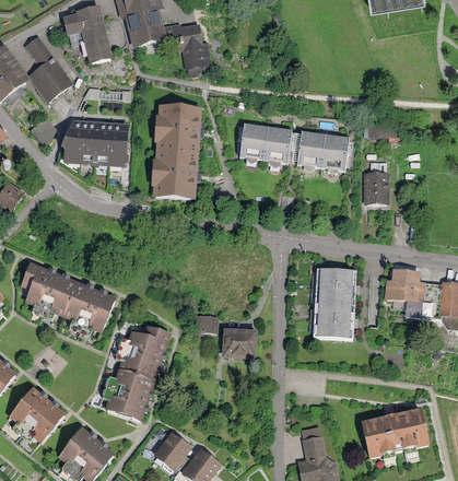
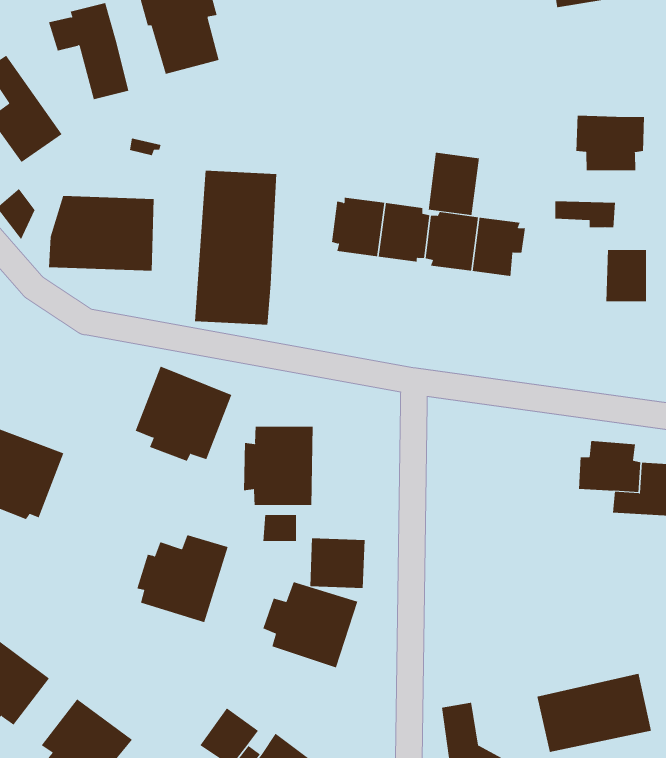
building: [173,23,212,75] -> none
building: none -> [576,115,645,171]
building: none -> [428,152,480,216]
building: [367,173,392,204] -> [605,249,647,302]
building: none -> [244,426,313,506]
building: [313,269,356,341] -> none
building: [57,278,116,336] -> [135,366,232,462]
building: [99,368,157,421] -> [262,582,358,668]

